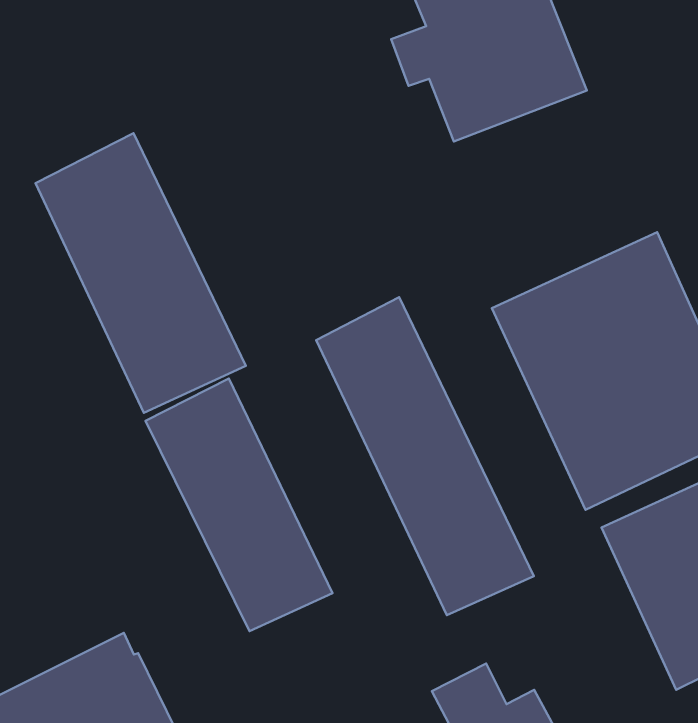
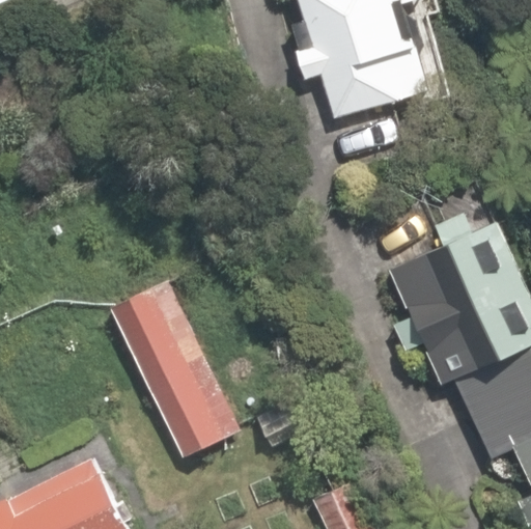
building: [35,133,246,413] -> none
building: [316,297,534,615] -> none

